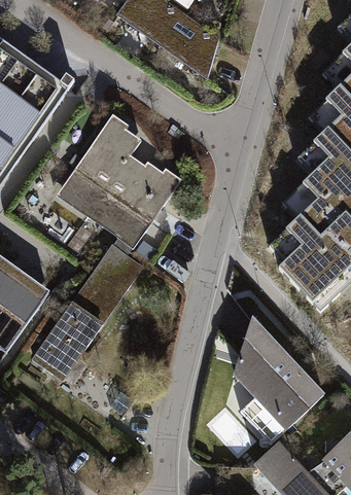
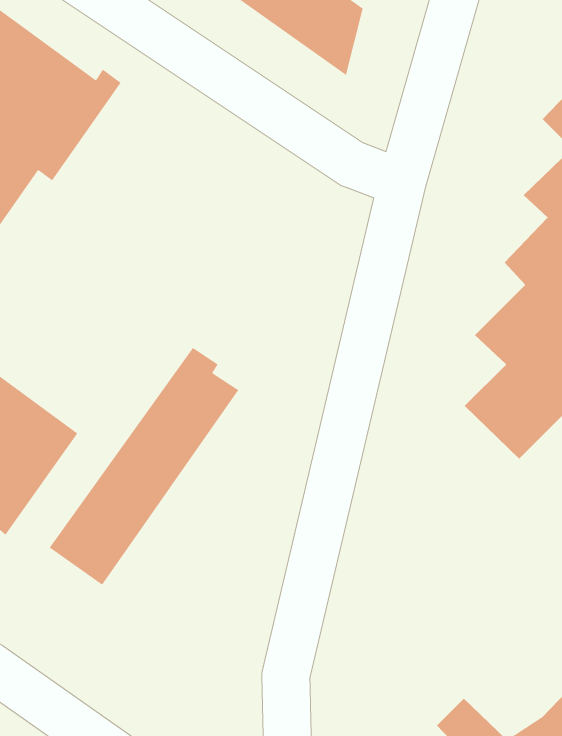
building: [63,117,179,249] -> none
building: [234,319,323,446] -> none

